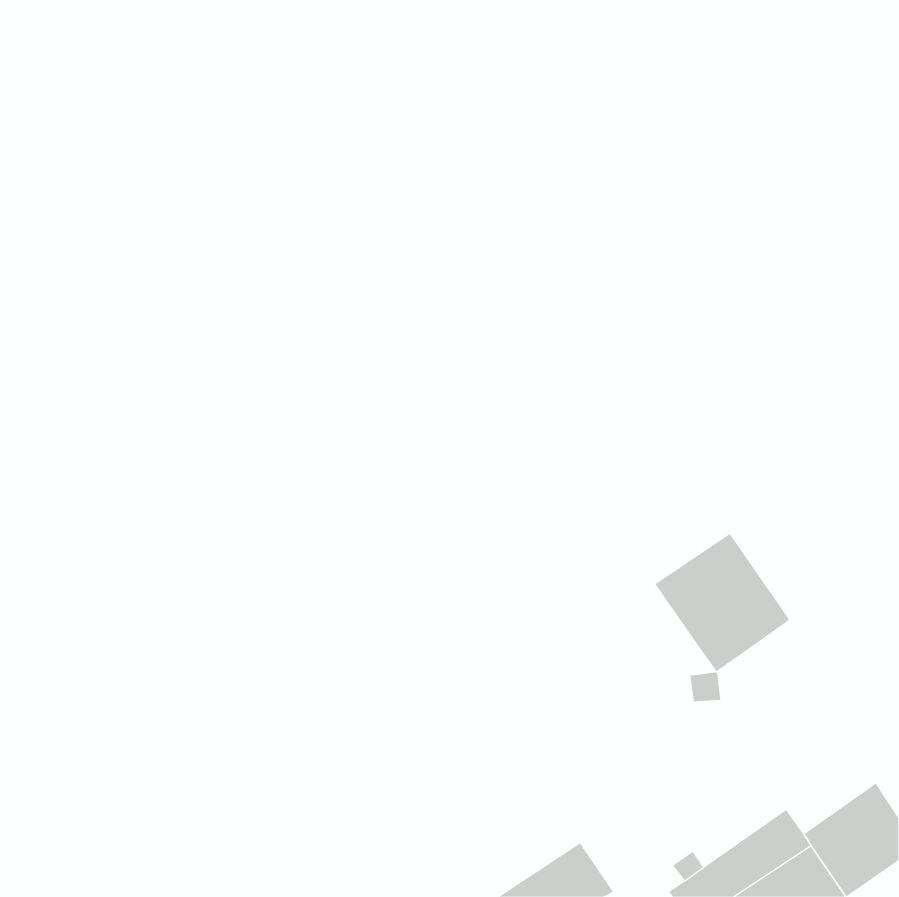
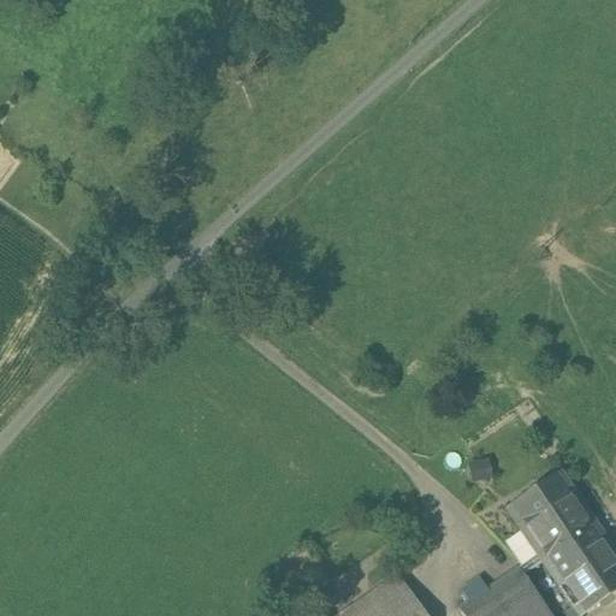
building: [654,533,790,672] -> [508,475,600,570]

